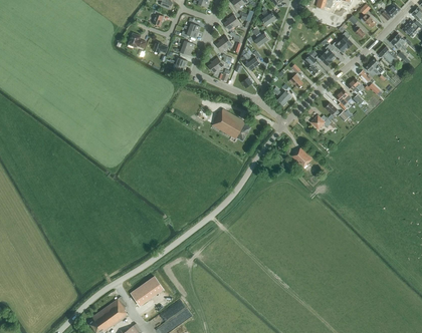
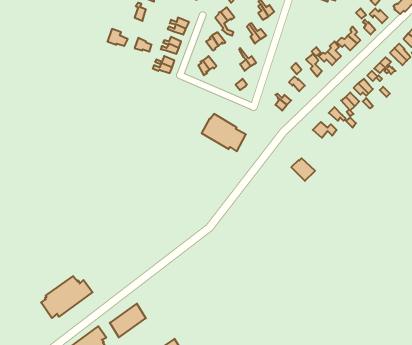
building: none -> [41,276,93,318]

